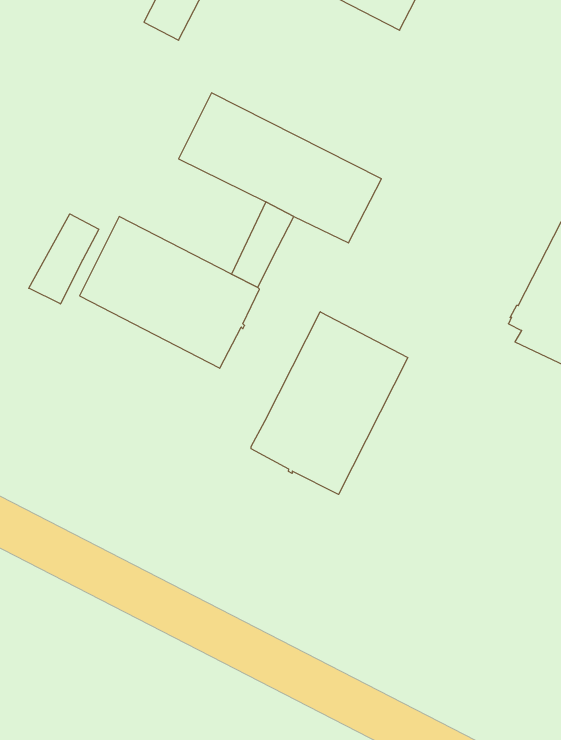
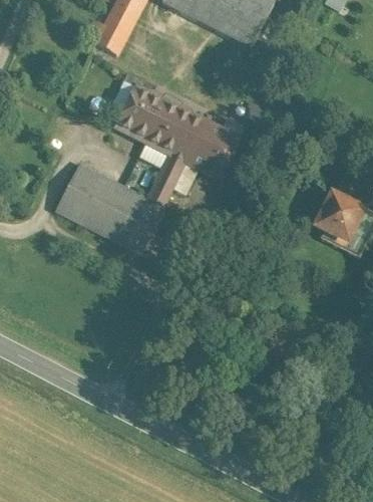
building: [29,214,99,304] -> none
building: [251,312,408,494] -> none

